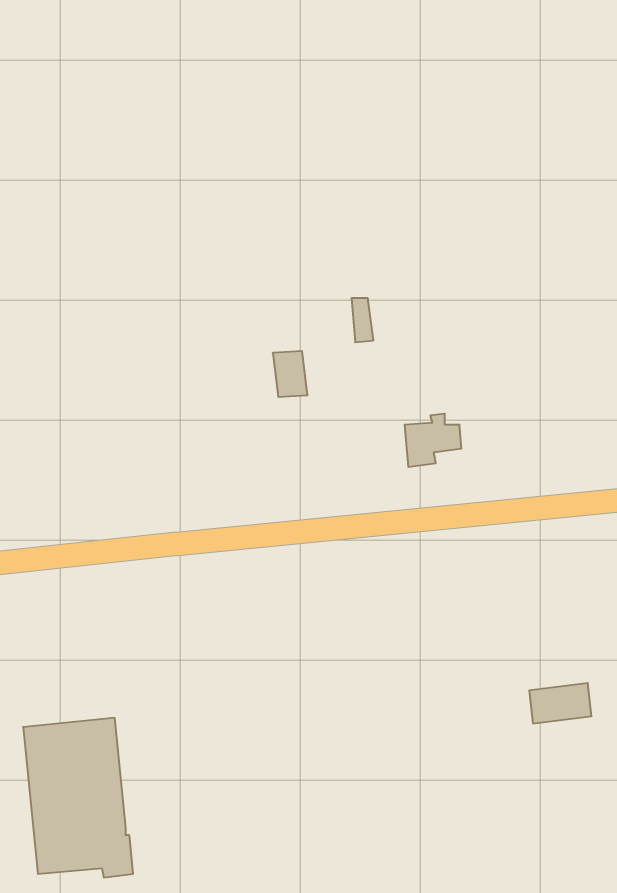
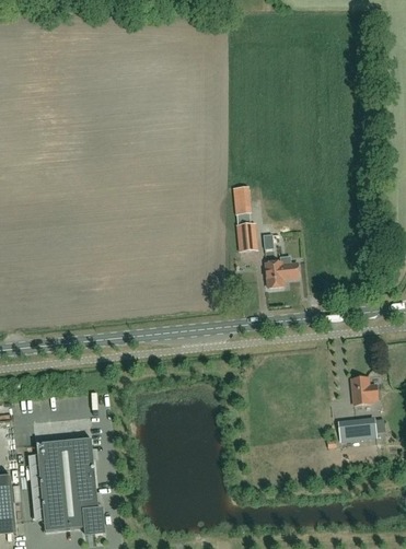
building: [273,351,308,397] -> [236,223,257,250]
building: none -> [351,377,378,405]

